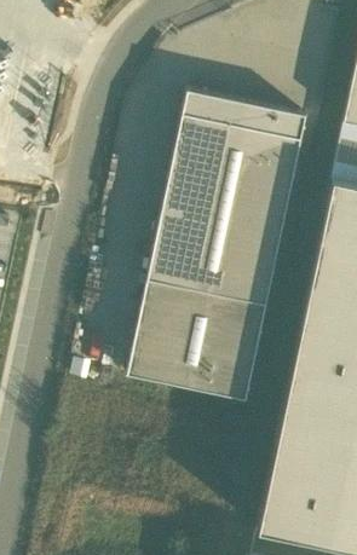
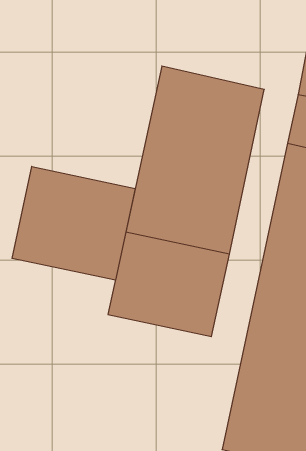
building: none -> [12,166,135,280]

